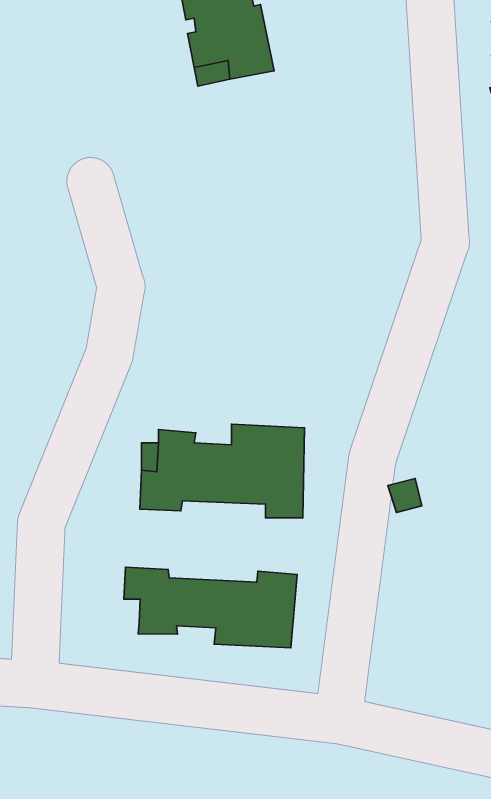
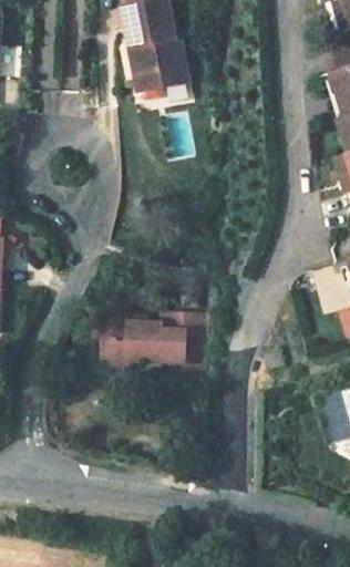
building: [124,567,297,648] -> none

